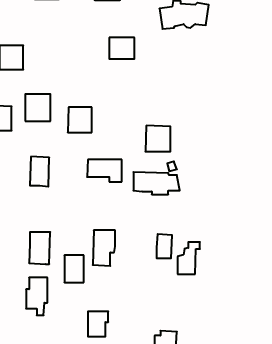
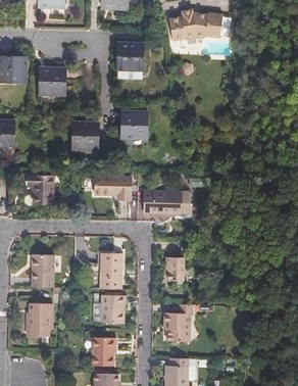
building: [25,94,50,121] -> [39,67,65,96]
building: [145,126,170,152] -> [120,111,147,139]
building: [178,242,200,274] -> [168,306,192,340]
building: [64,255,84,282] -> [102,295,122,324]

